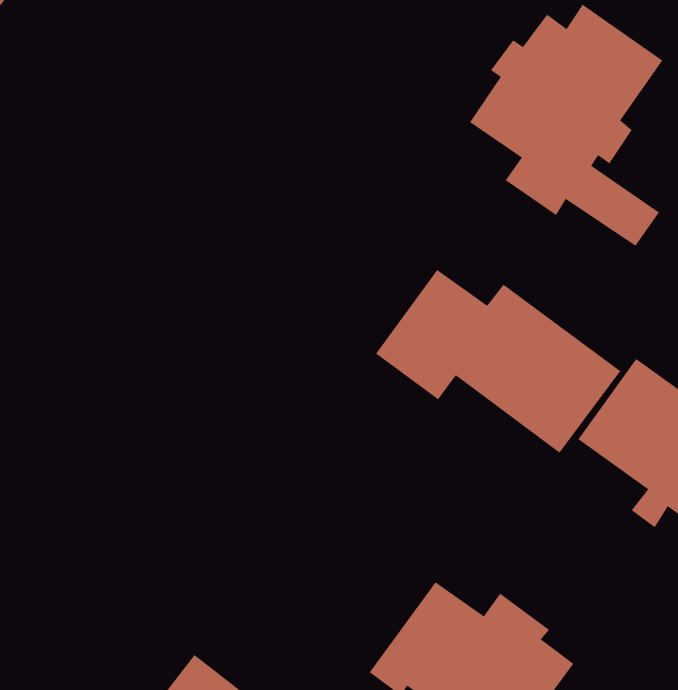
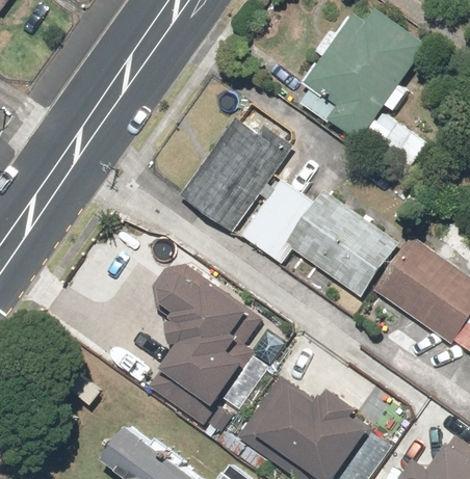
building: none -> [178,116,293,232]
building: none -> [154,261,264,410]

